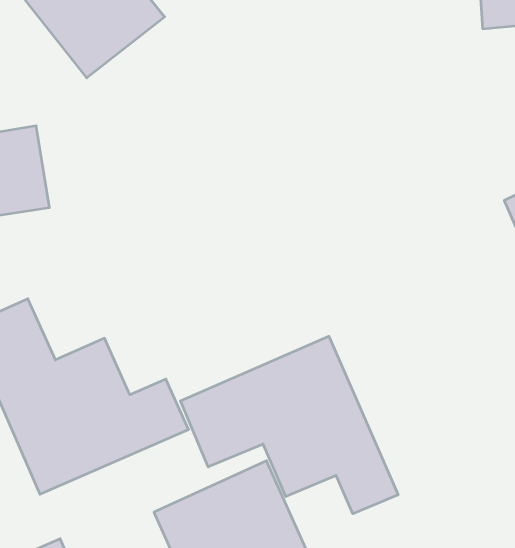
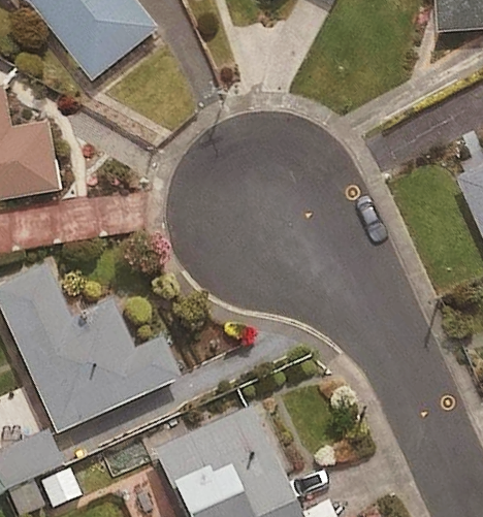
building: [180,336,398,514] -> none

